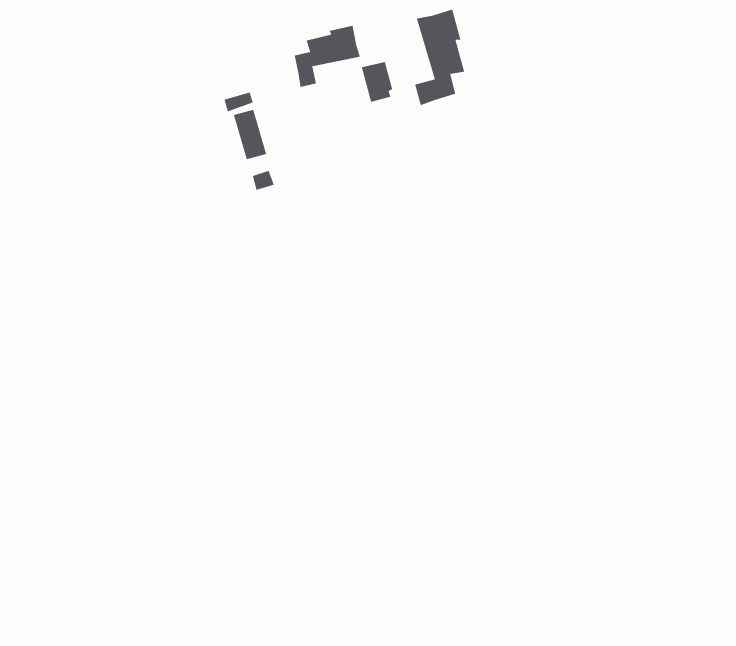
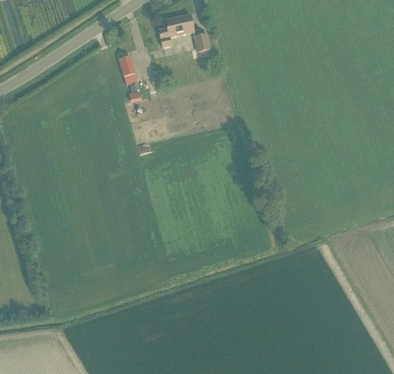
building: [414,9,465,106] -> none

